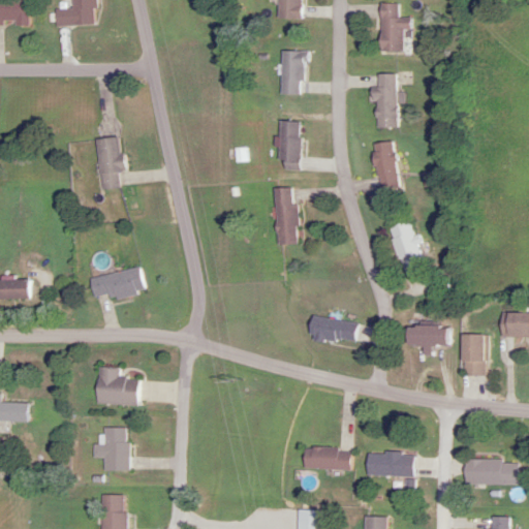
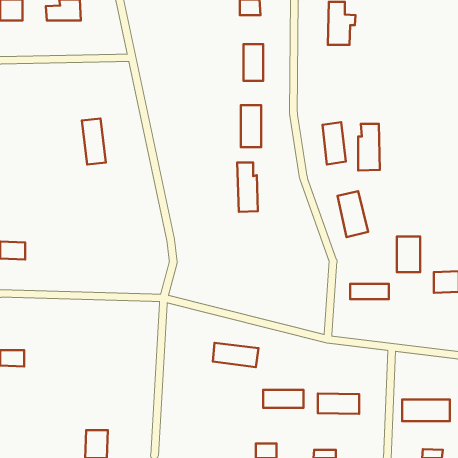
building: [373,73,398,127] -> [358,124,380,171]
building: [89,268,146,300] -> none
building: [308,316,361,344] -> [213,343,258,367]
building: [460,334,487,375] -> [397,236,420,272]
building: [95,368,139,405] -> none
building: [92,428,128,471] -> none

